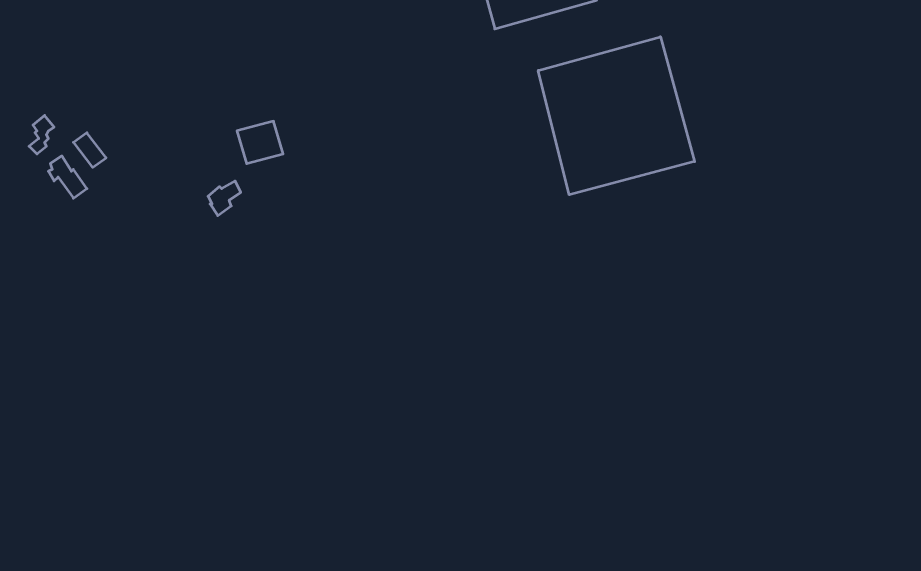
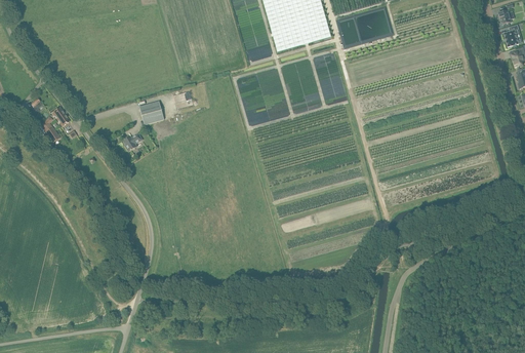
building: [538,37,695,195] -> none

